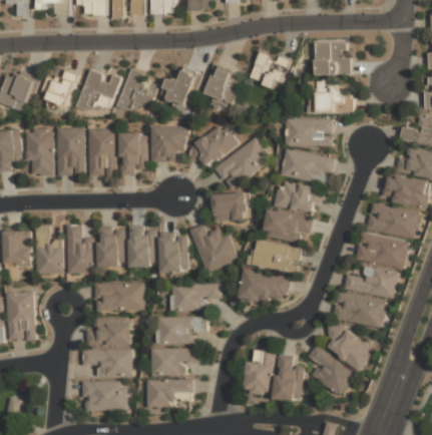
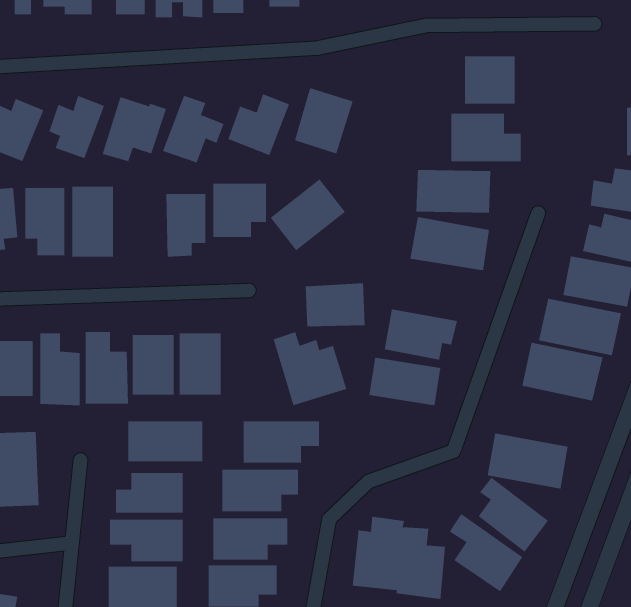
building: [248,49,290,91] -> none
building: [87,129,115,175] -> none
building: [212,136,271,190] -> none
building: [274,179,323,214] -> none
building: [158,233,187,273] -> none
building: [343,266,397,299] -> none
building: [238,270,290,305] -> none

